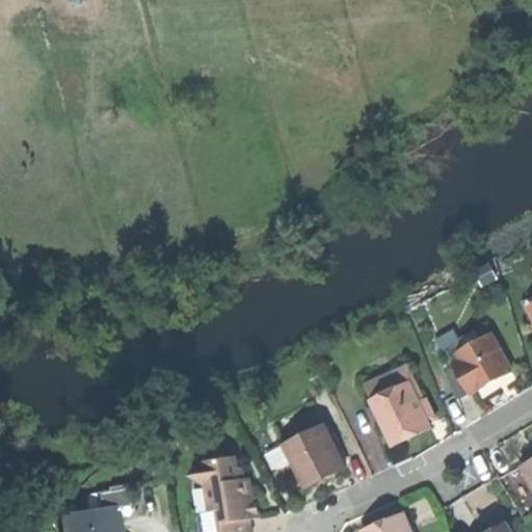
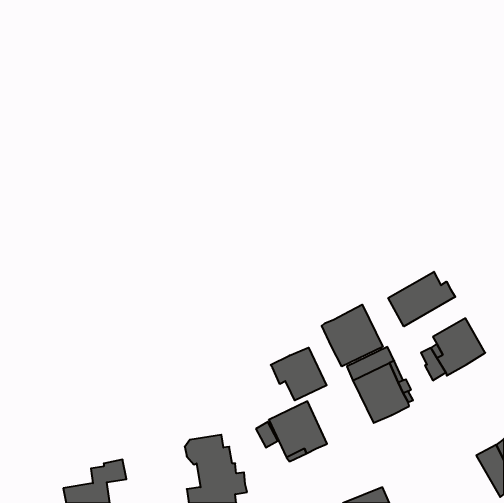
building: none -> [388,272,455,326]
building: none -> [322,305,383,366]
building: none -> [271,348,327,400]

